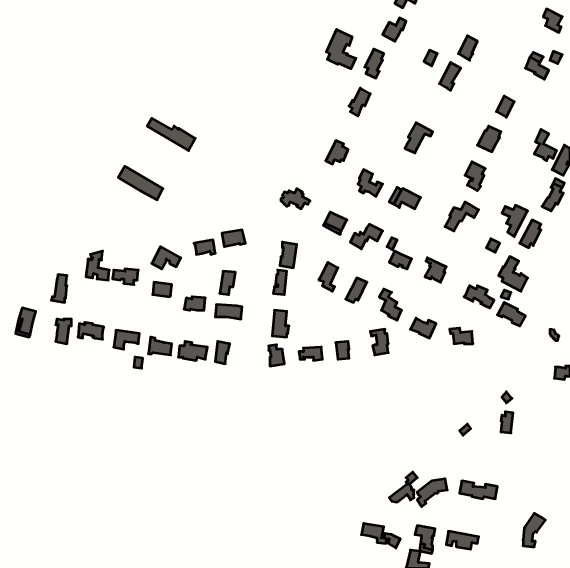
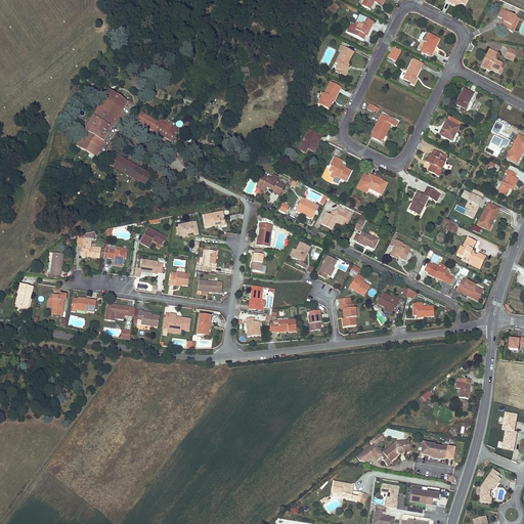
building: [326,29,356,69] -> none
building: none -> [76,89,127,155]
building: none -> [501,410,517,448]

